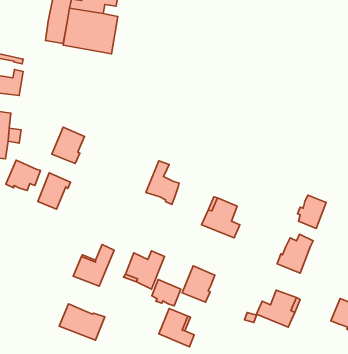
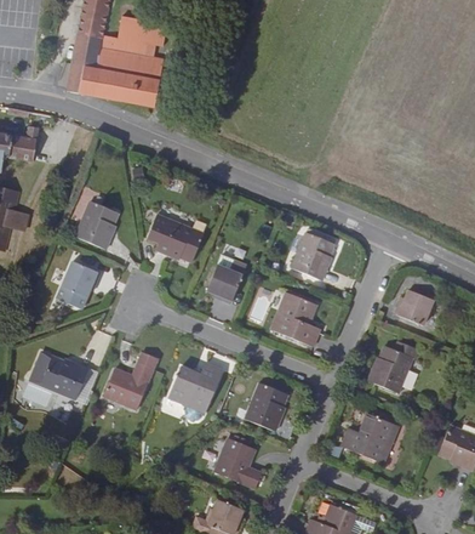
building: none -> [150,216,204,261]
building: none -> [292,233,333,280]
building: [6,160,41,190] -> none
building: [152,280,181,306] -> none
building: [59,304,105,340] -> [29,351,88,398]

